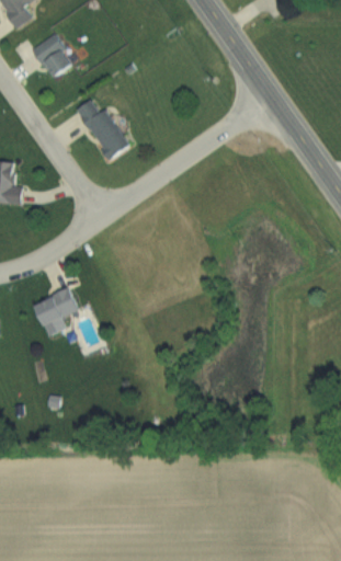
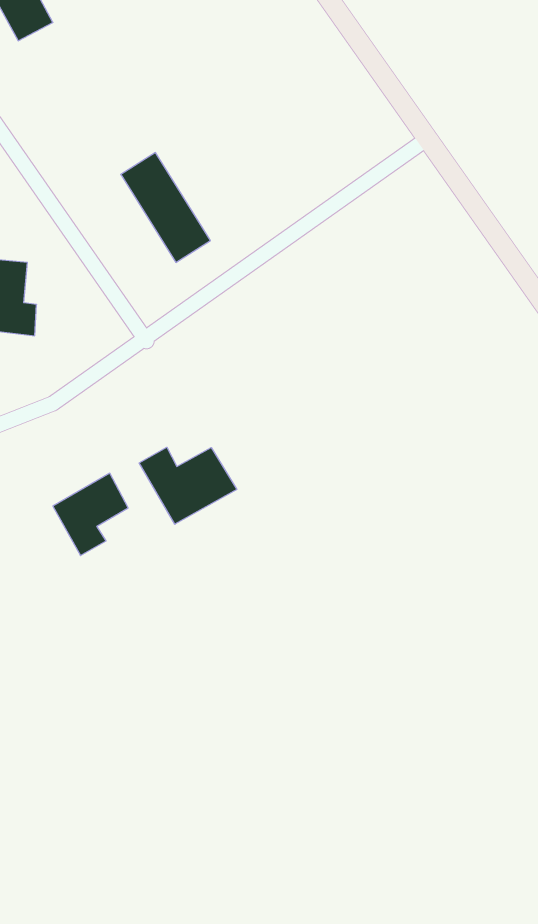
building: [32,32,78,80] -> none
building: none -> [139,447,237,524]

